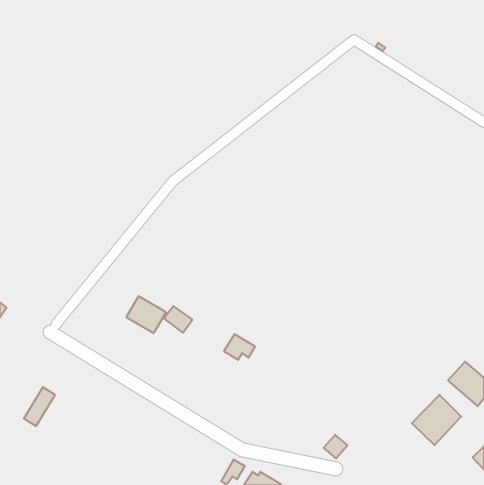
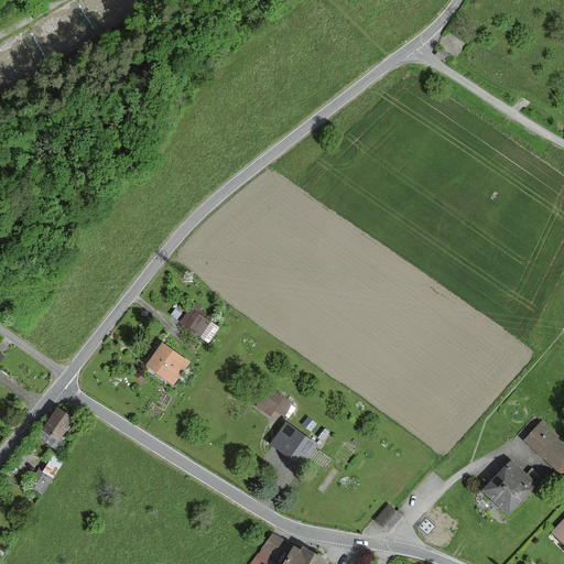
building: [164,306,192,333] -> [182,310,215,340]
building: none -> [42,405,75,440]
building: none -> [271,422,314,462]

